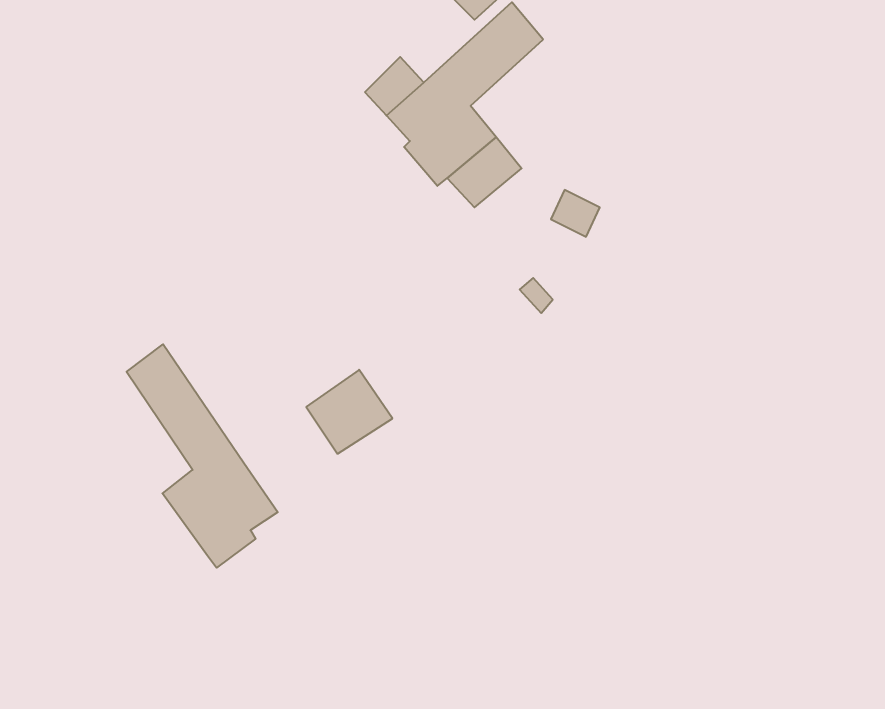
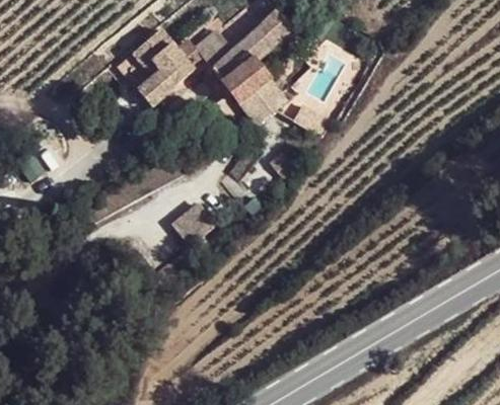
building: none -> [135,33,191,104]
building: [127,344,278,568] -> none

